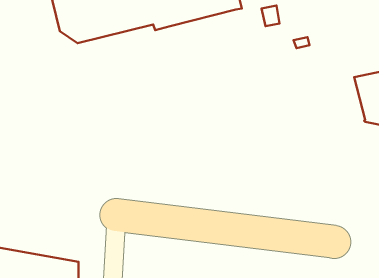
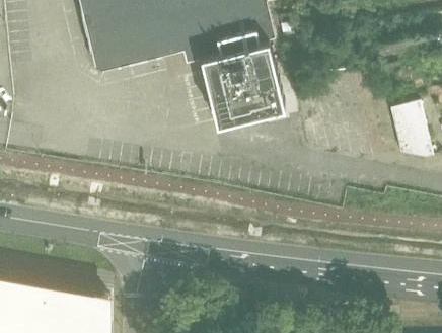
building: none -> [202,39,284,124]

